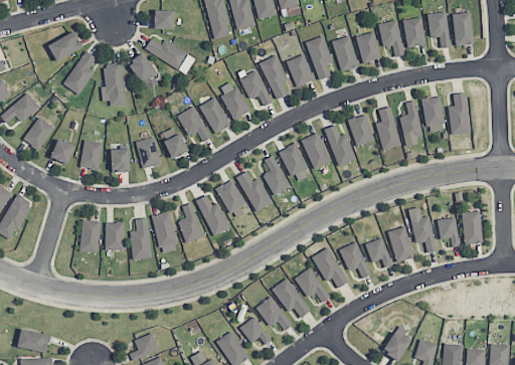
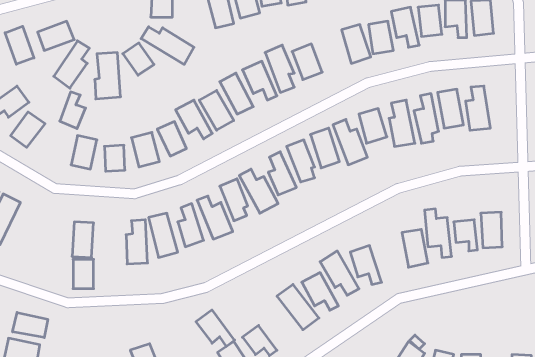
building: [306,35,332,79] -> none
building: none -> [5,26,34,64]
building: [51,130,75,164] -> [60,92,86,129]
building: [106,222,125,249] -> [73,259,94,289]
building: [364,236,392,267] -> none
building: [255,296,292,330] -> [196,310,235,347]
building: none -> [13,312,48,338]

